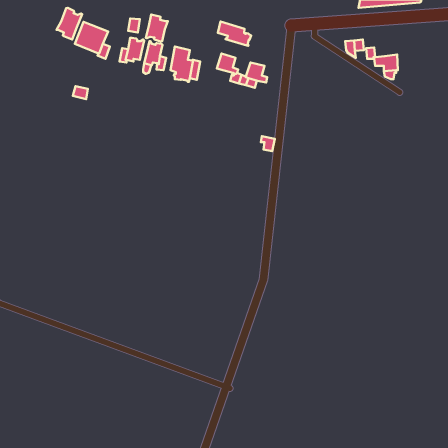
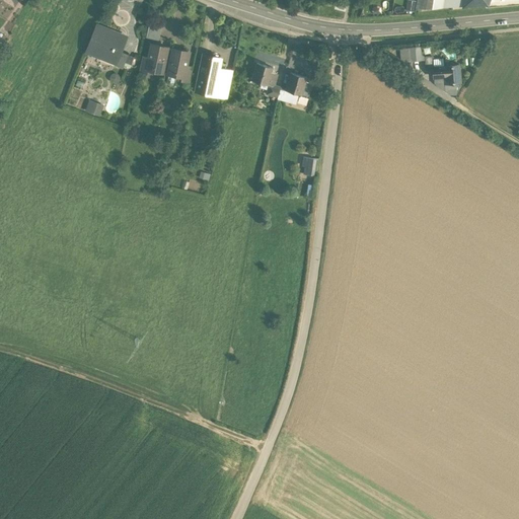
building: [56,8,82,39] -> none
building: [146,15,168,41] -> none
building: [218,21,251,46] -> none

